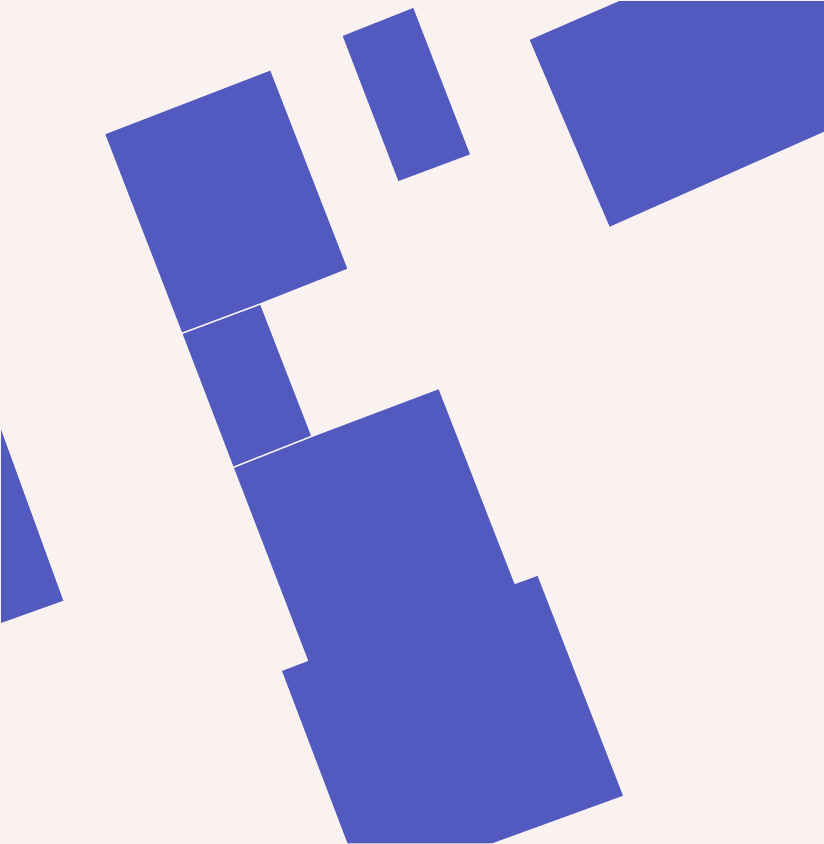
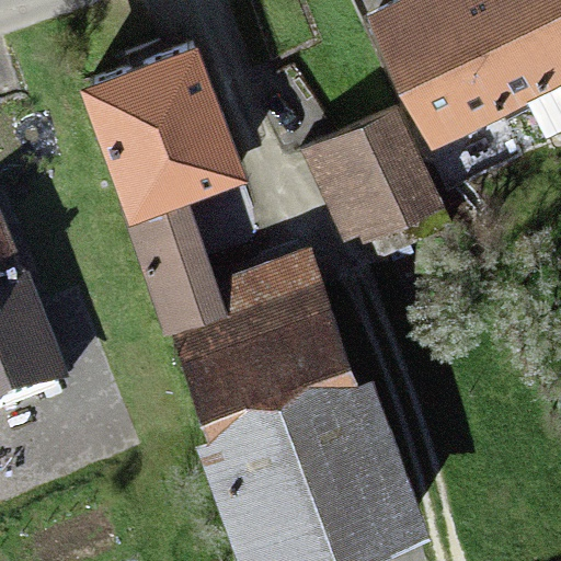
building: [342,7,471,182] -> none
building: none -> [317,118,443,244]

